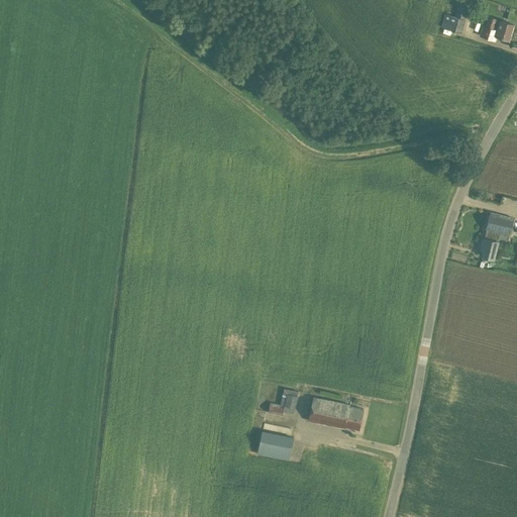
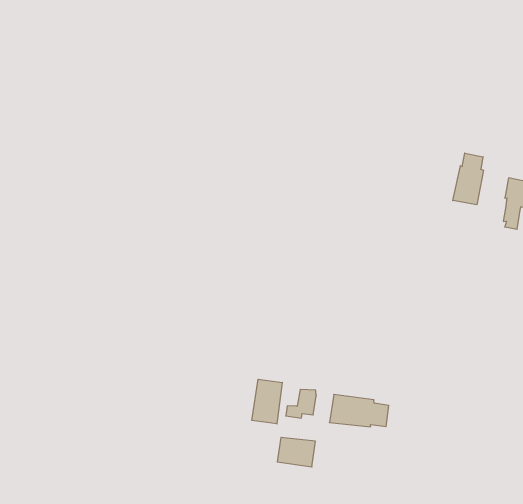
building: none -> [453,153,483,205]
building: none -> [252,379,282,424]

